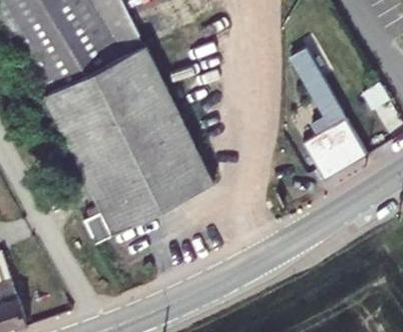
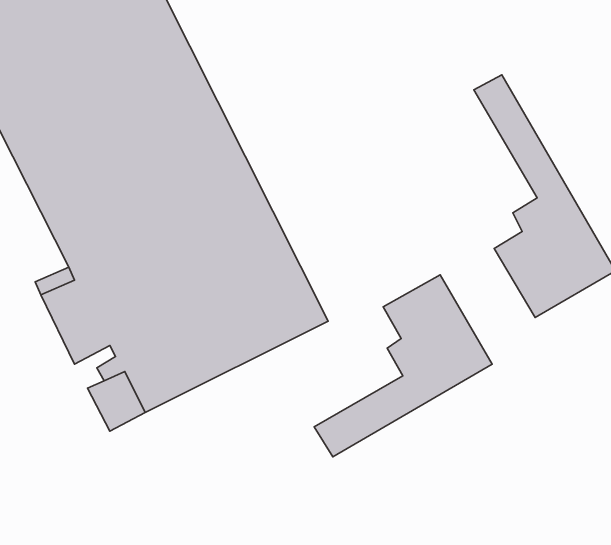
building: none -> [314,275,492,457]

